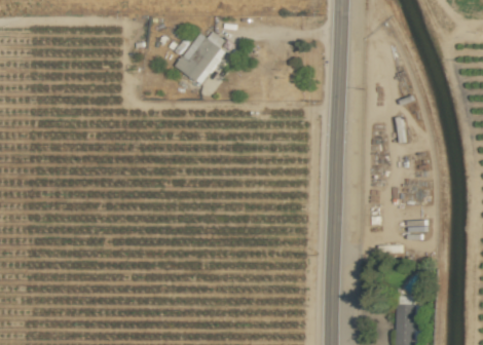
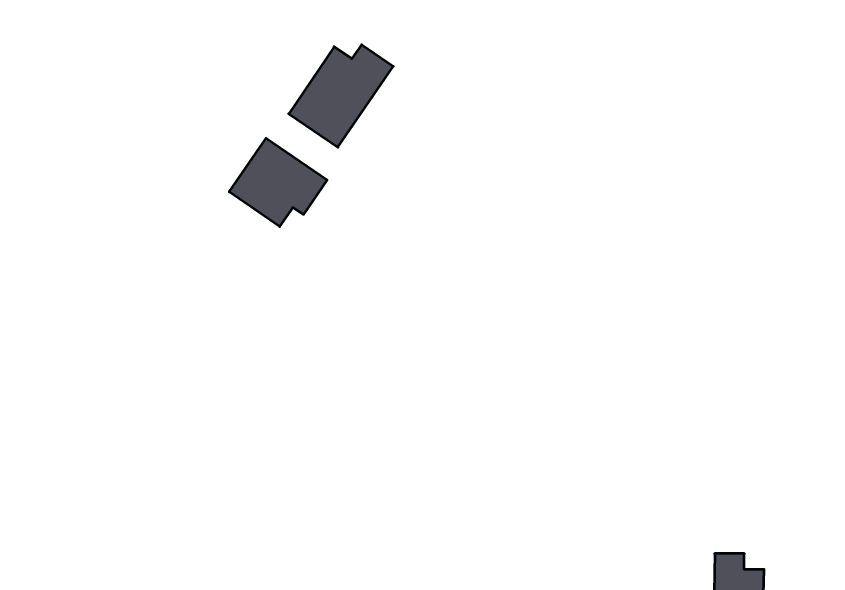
building: none -> [229,138,327,227]

